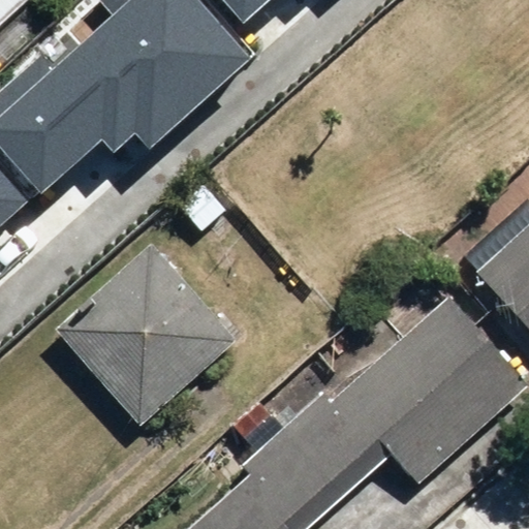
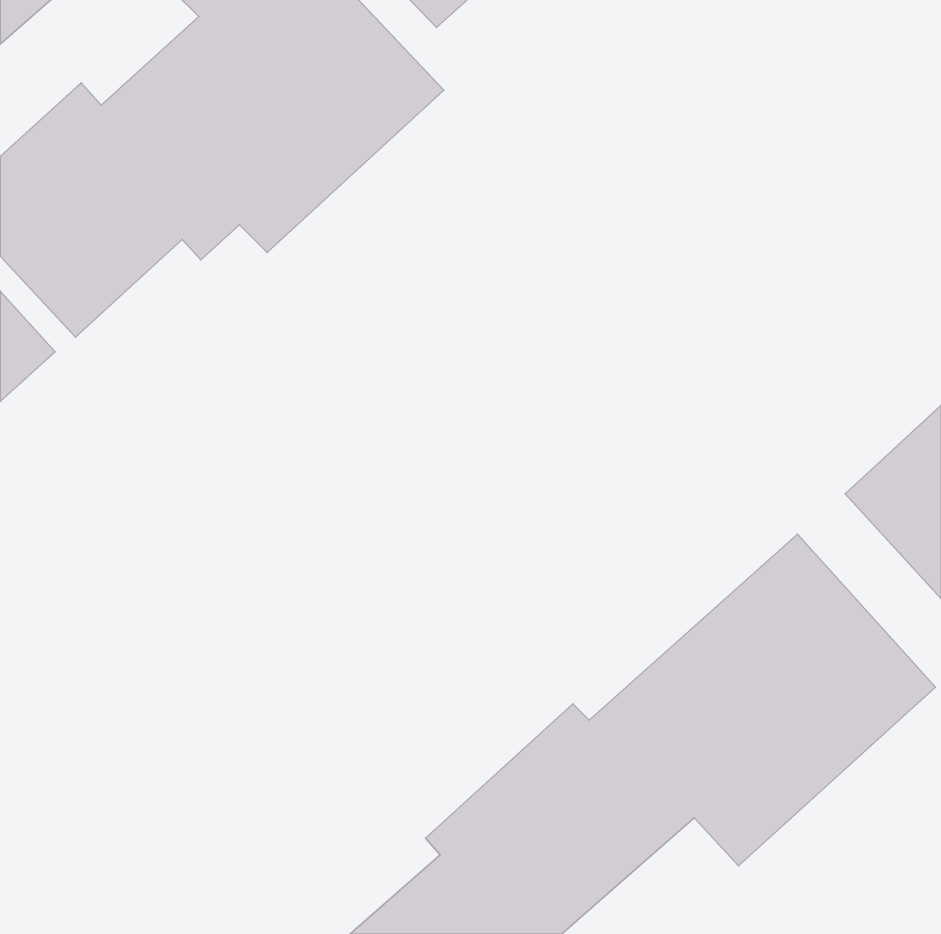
building: [56,246,236,426] -> none

